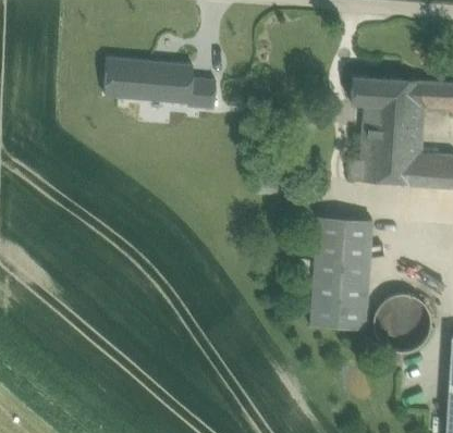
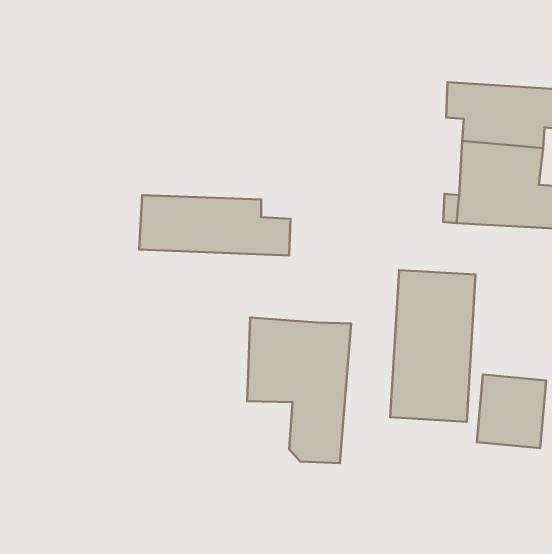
building: [106,60,218,104] -> [139,195,291,255]
building: none -> [247,317,351,463]

